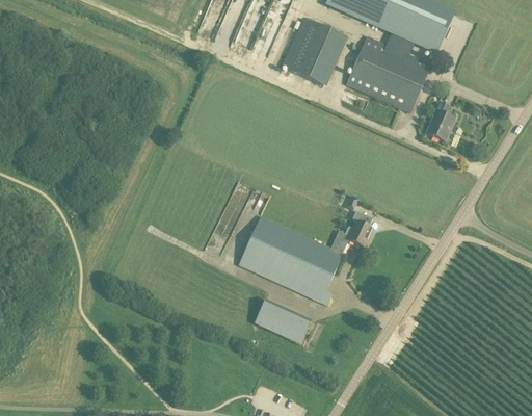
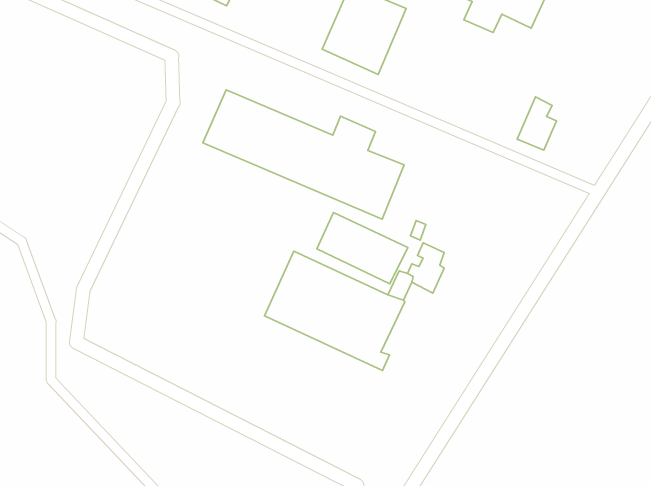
building: [346,35,431,111] -> none
building: none -> [203,90,404,219]
building: [248,294,316,347] -> [317,212,408,284]

